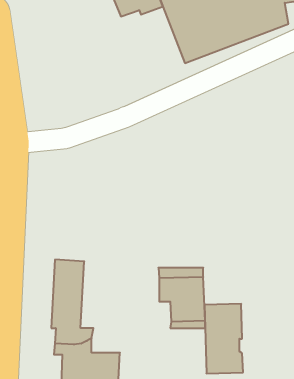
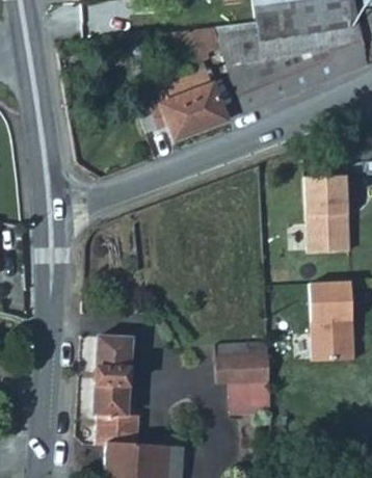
building: none -> [153,71,228,139]
building: none -> [307,176,350,251]
building: [205,304,243,373] -> [310,282,353,361]

